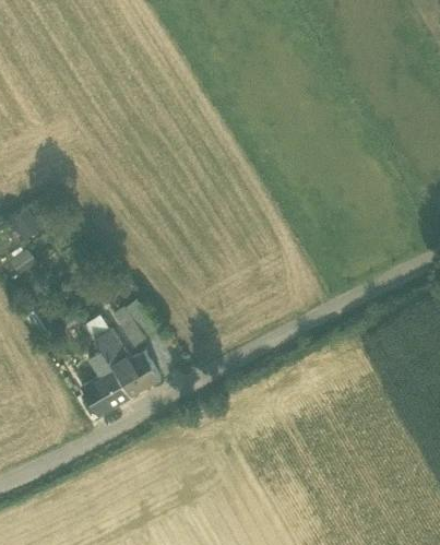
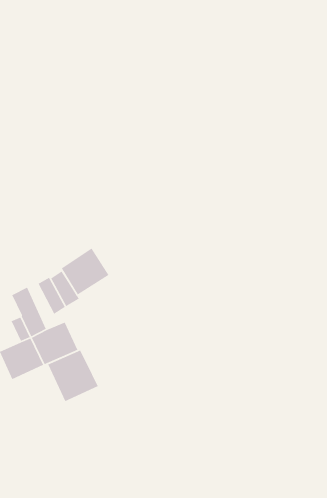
building: none -> [61,247,110,295]
building: none -> [47,349,99,402]

